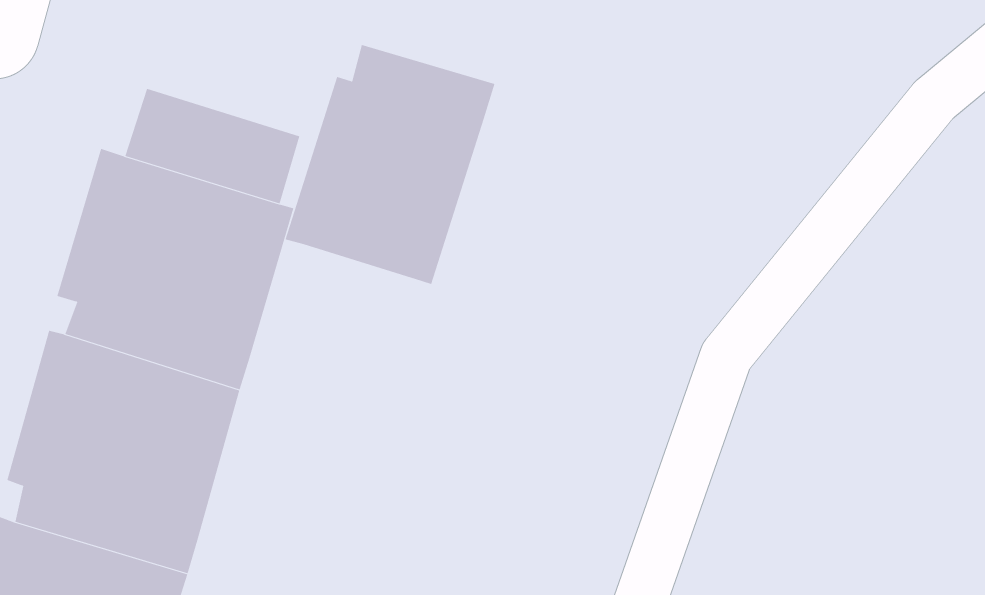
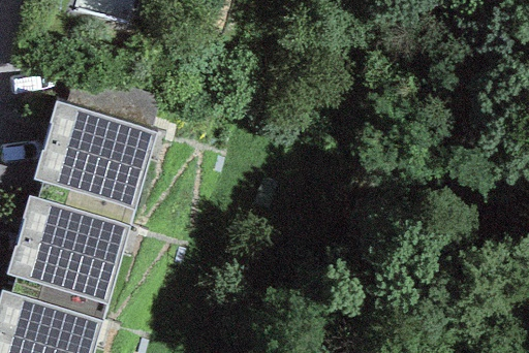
building: [285,44,495,285] -> none

